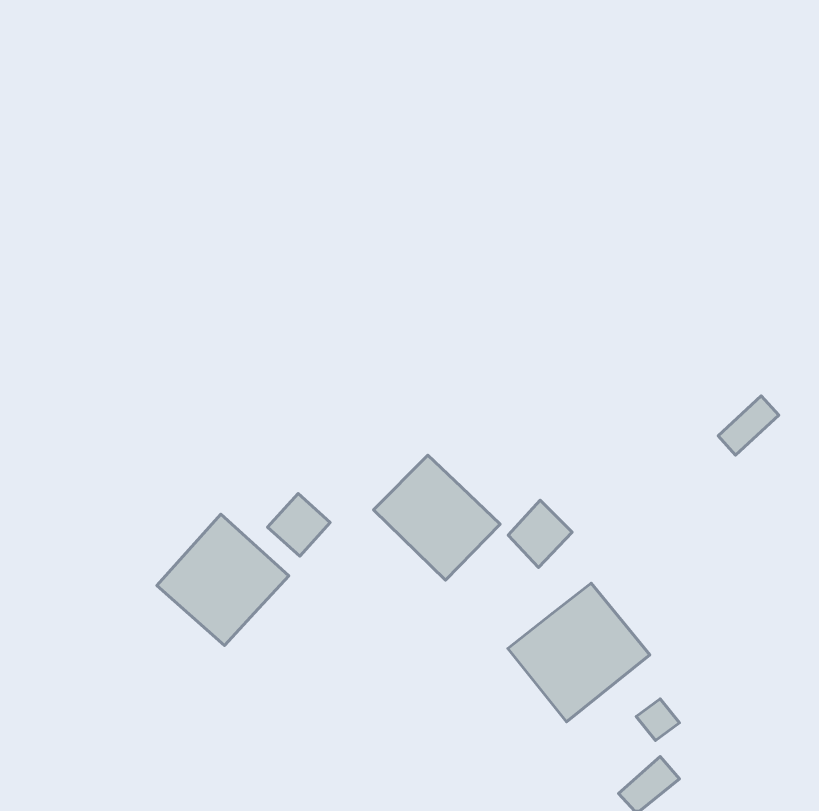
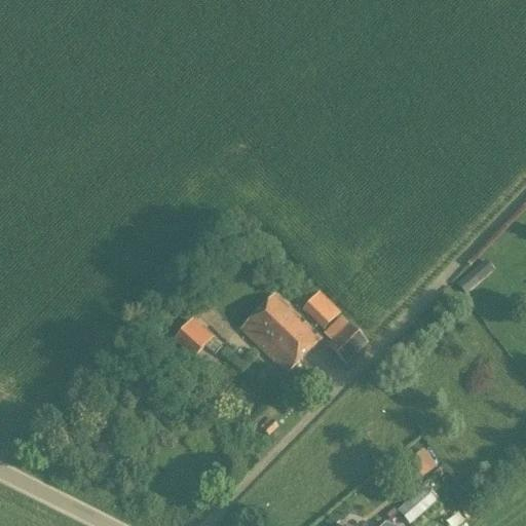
building: none -> [301,289,339,328]
building: [157,514,289,645] -> none
building: [508,583,650,722] -> none

